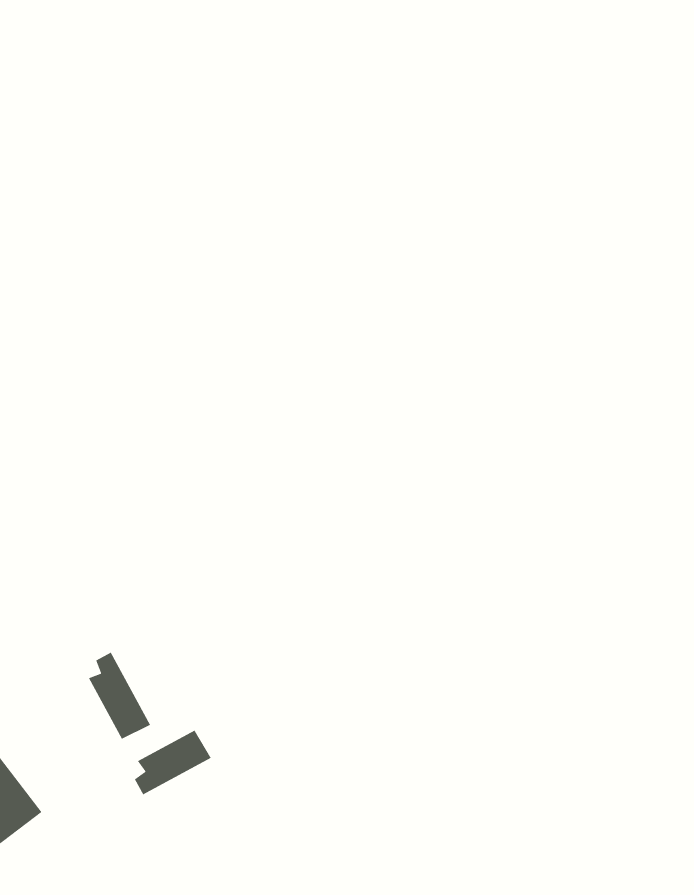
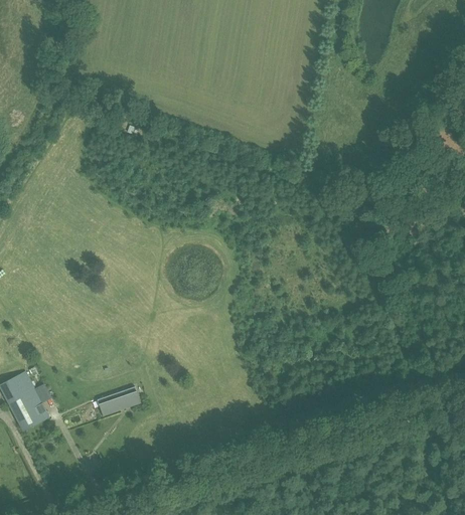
building: [88,651,151,740] -> none

